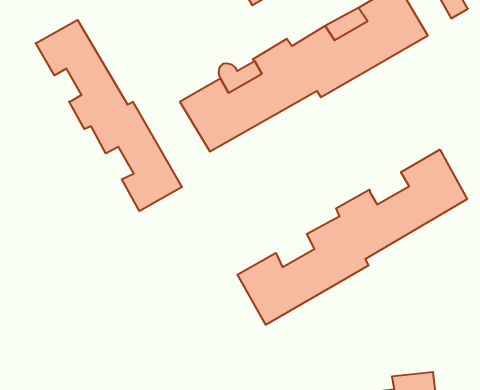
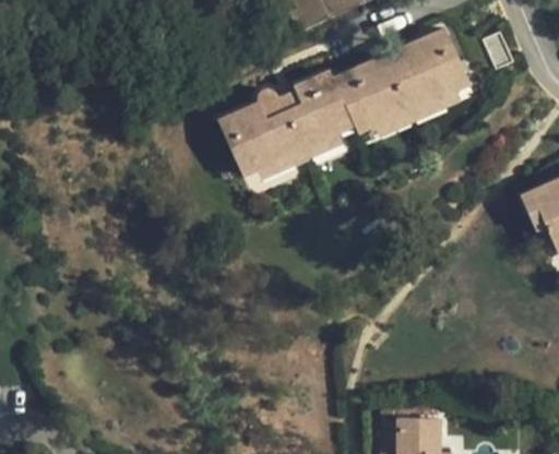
building: [36,20,182,211] -> none
building: [237,150,467,325] -> none

